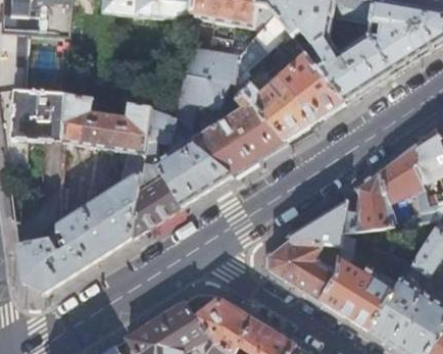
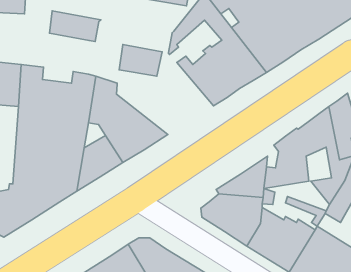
building: [182,47,240,82] -> [49,11,101,41]
building: [175,93,285,174] -> none

